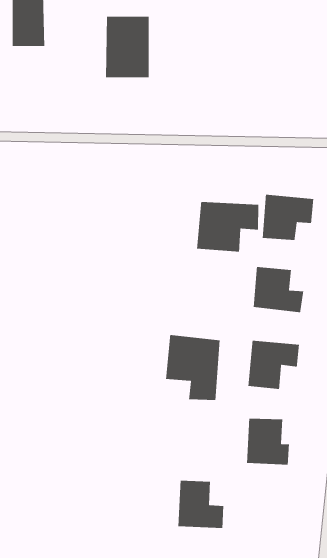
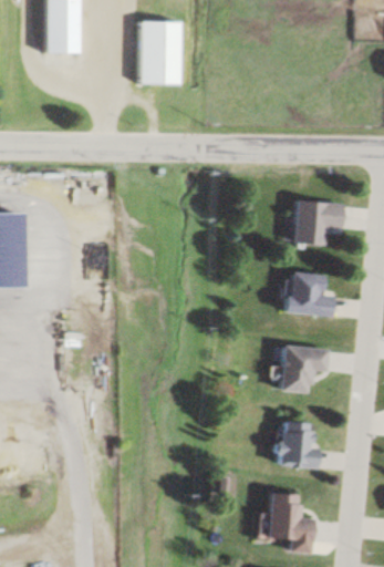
building: [196,201,259,253] -> none
building: [165,334,221,401] -> none
building: [178,480,224,529] -> [266,493,312,542]

